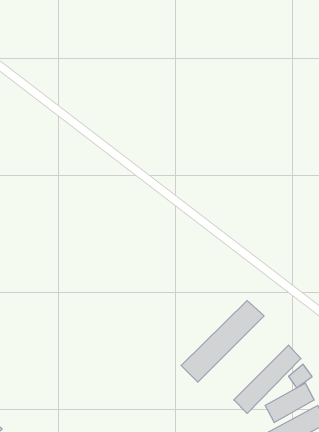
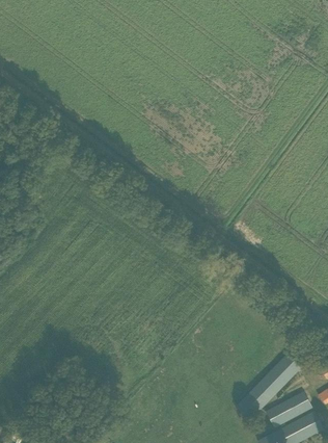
building: [181,301,264,382] -> none

